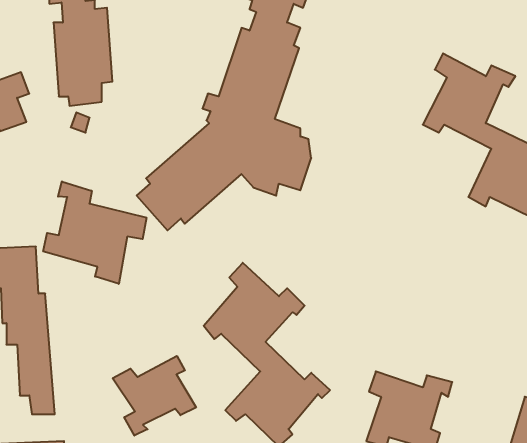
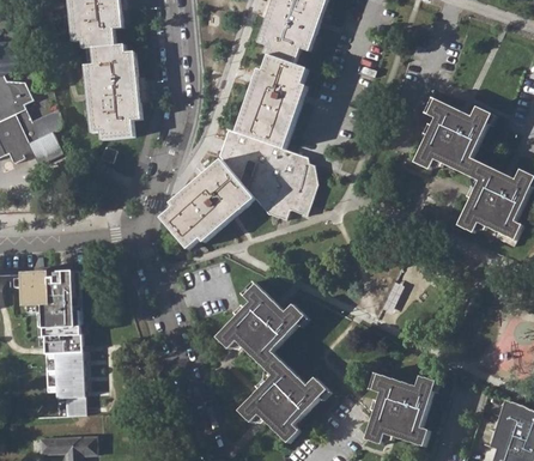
building: [43,181,146,284] -> none
building: [113,356,196,436] -> none

